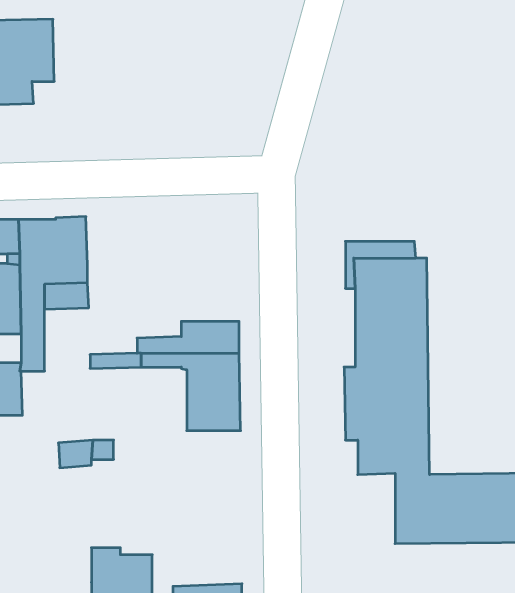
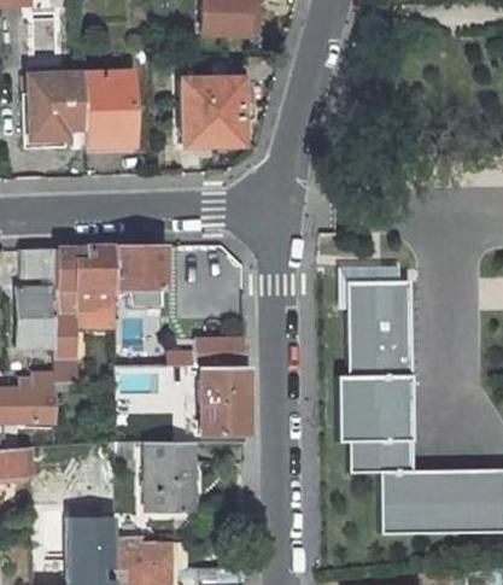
building: none -> [83,74,134,147]
building: none -> [181,74,256,146]
building: none -> [112,246,163,289]
building: none -> [146,443,194,510]
building: none -> [60,521,117,567]

